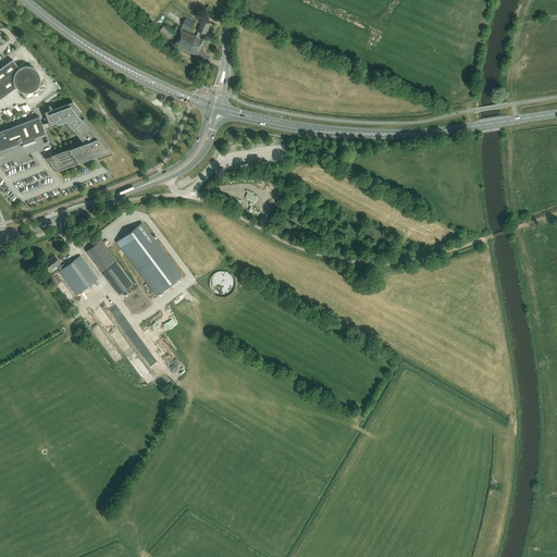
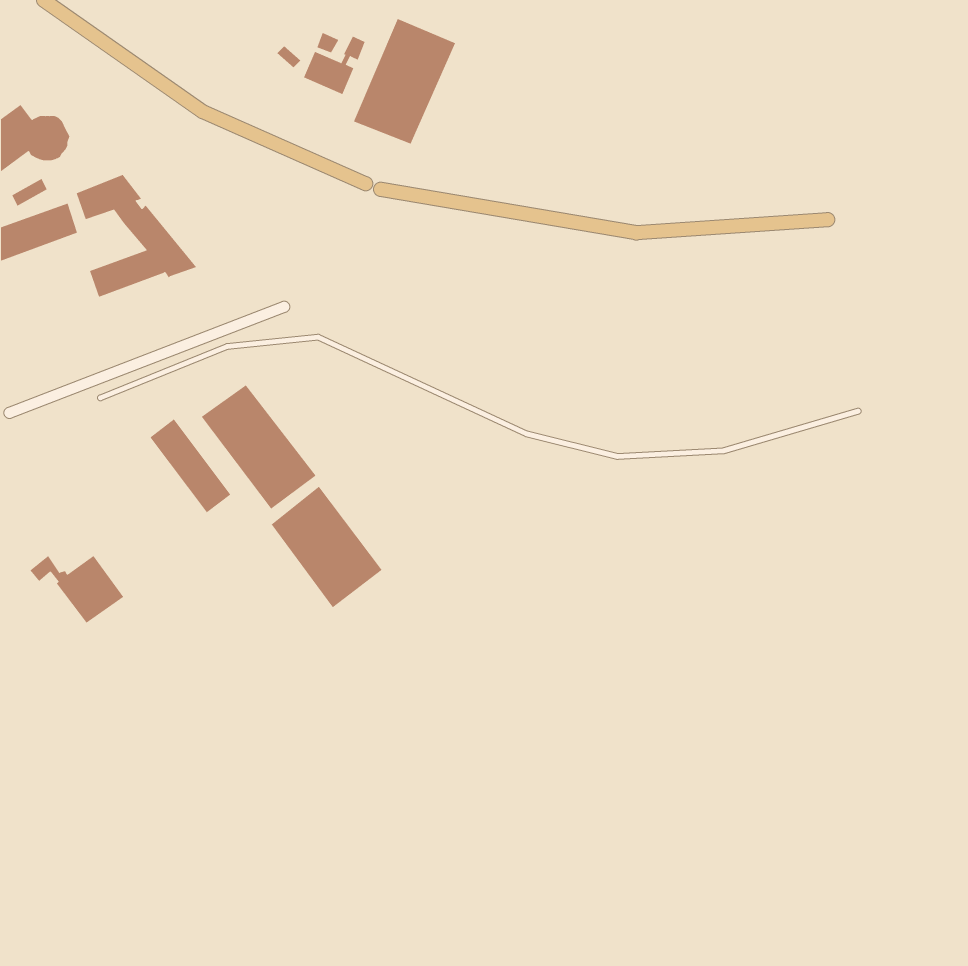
building: none -> [353,18,456,145]
building: [44,257,98,296] -> [29,555,124,623]
building: none -> [271,486,383,608]

